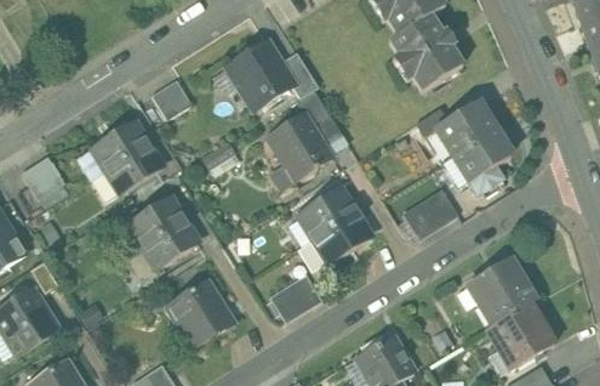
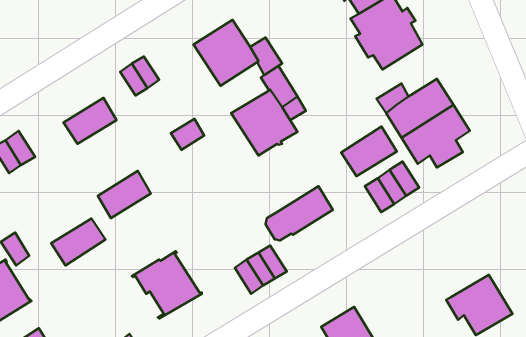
building: [108,143,162,191] -> none
building: [298,186,355,237] -> [341,127,397,176]
building: [142,218,198,267] -> [51,218,106,266]
building: [465,257,535,325] -> none

